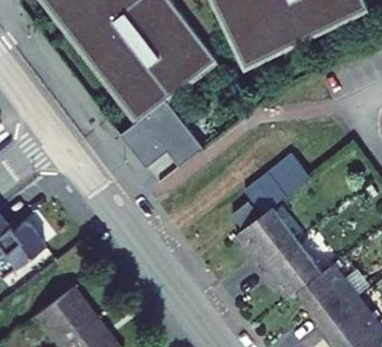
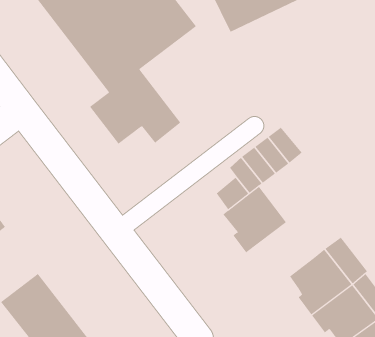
building: [261,239,323,297] -> none

